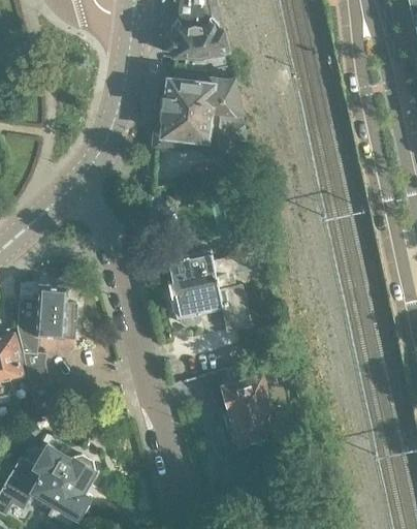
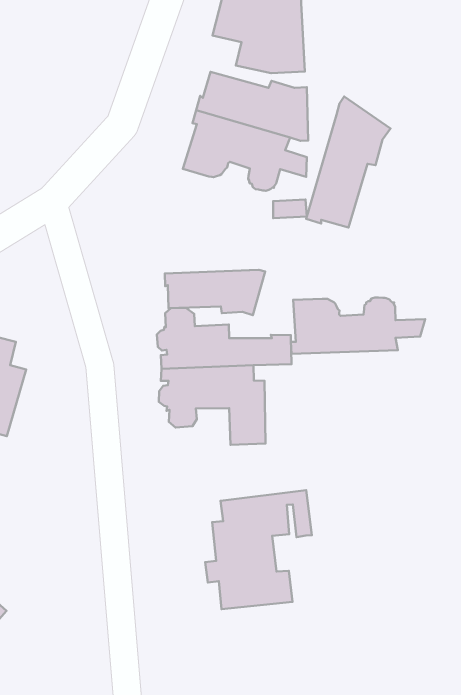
building: none -> [306,96,390,228]
building: none -> [165,270,265,315]
building: none -> [291,297,425,354]

